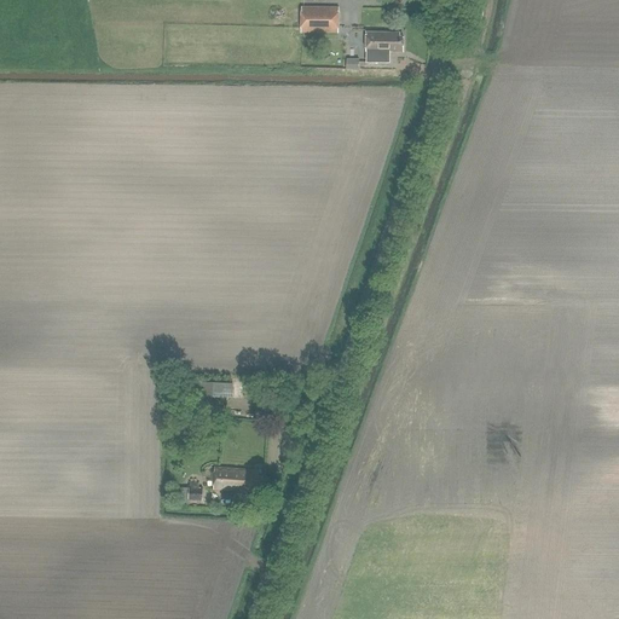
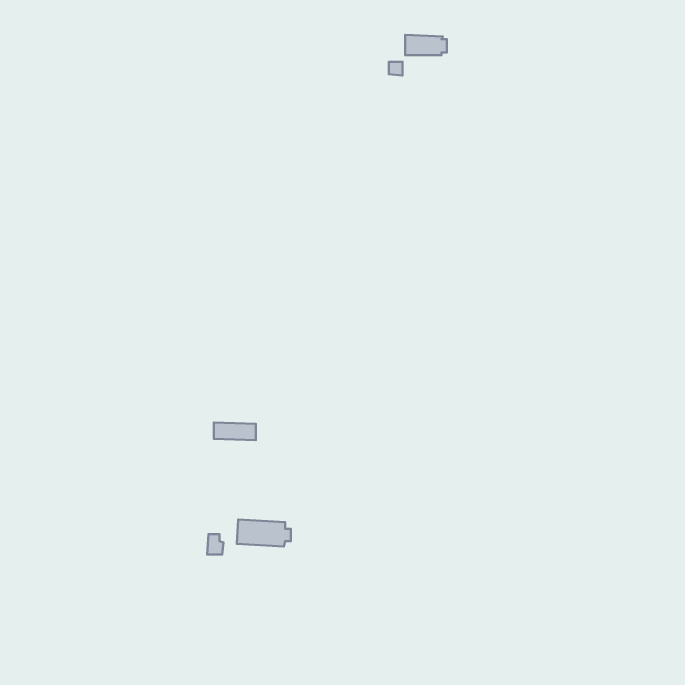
building: [299,5,337,33] -> none

